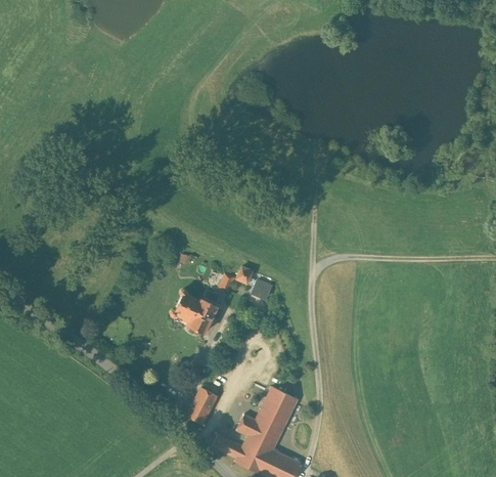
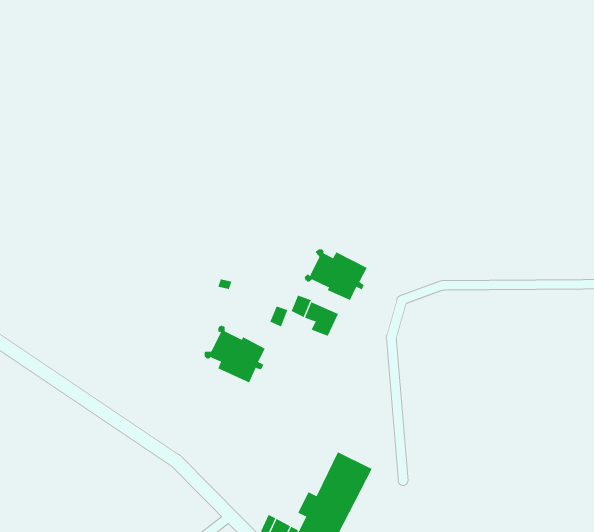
building: none -> [304,248,367,301]
building: [187,388,217,424] -> none

